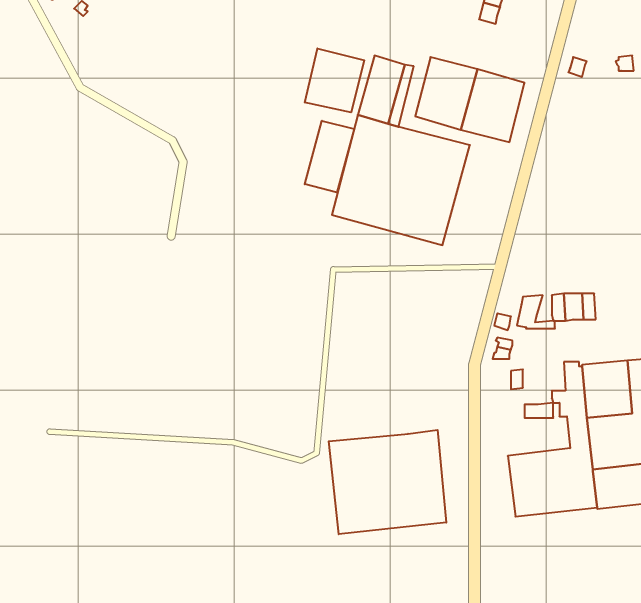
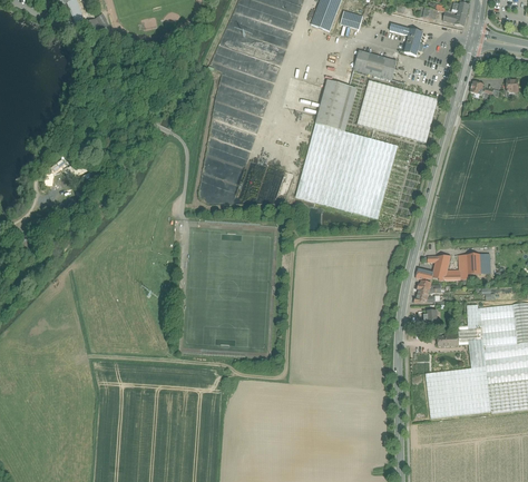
building: none -> [353,50,397,79]
building: [305,48,364,112] -> none
building: [305,121,354,192] -> none
building: [329,430,446,534] -> none

